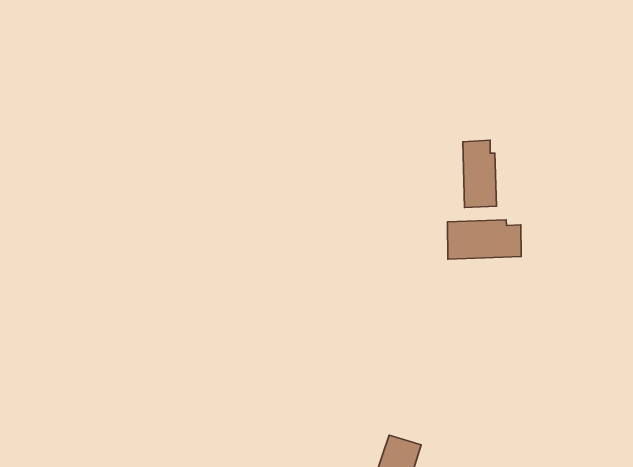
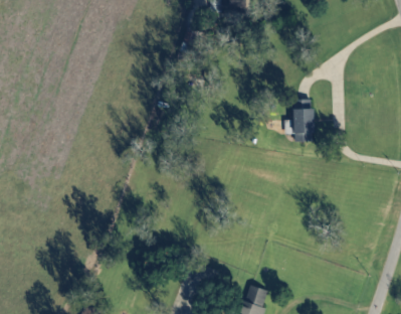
building: [447,220,521,259] -> none

